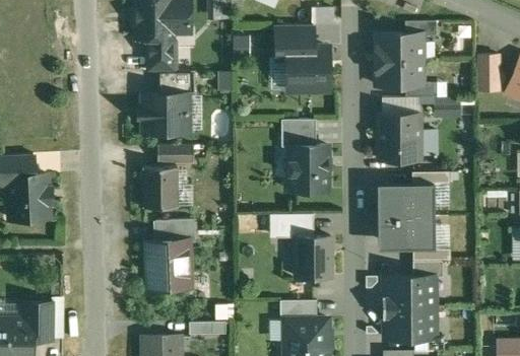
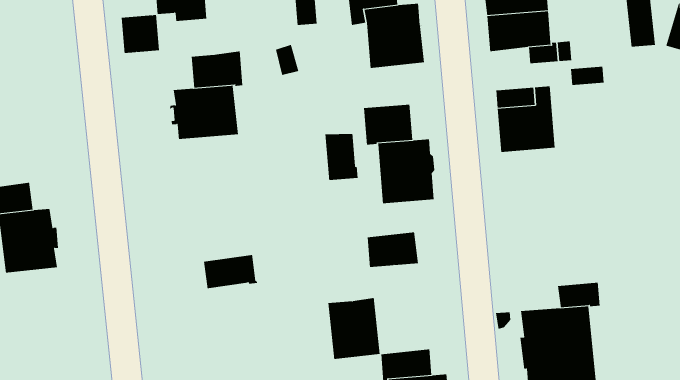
building: [149,47,176,73] -> [121,15,160,53]
building: [382,99,419,116] -> none
building: none -> [325,133,358,181]
building: [157,146,194,163] -> none
building: [143,168,178,210] -> none
building: [388,185,446,247] -> none
building: [295,236,330,279] -> [328,298,380,359]
building: [147,241,189,290] -> none

